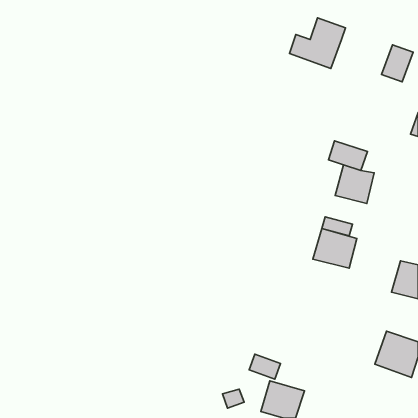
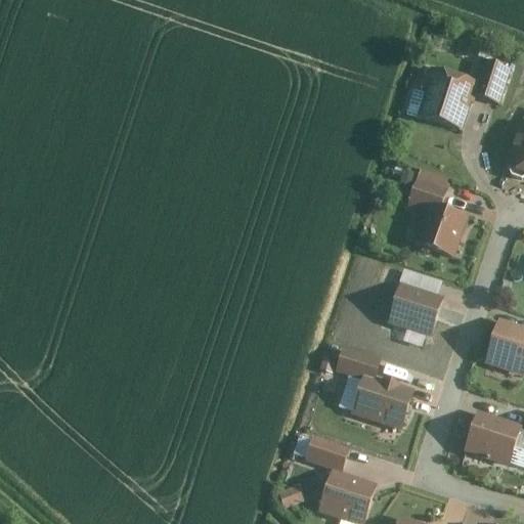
building: [289,18,346,68] -> [407,66,477,128]
building: none -> [332,346,414,430]

